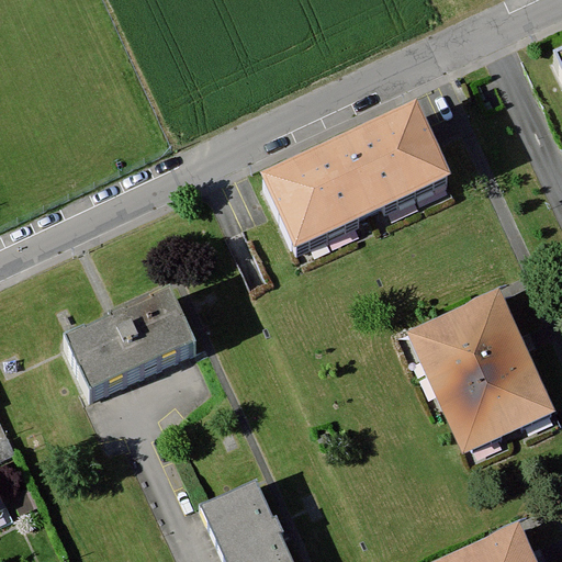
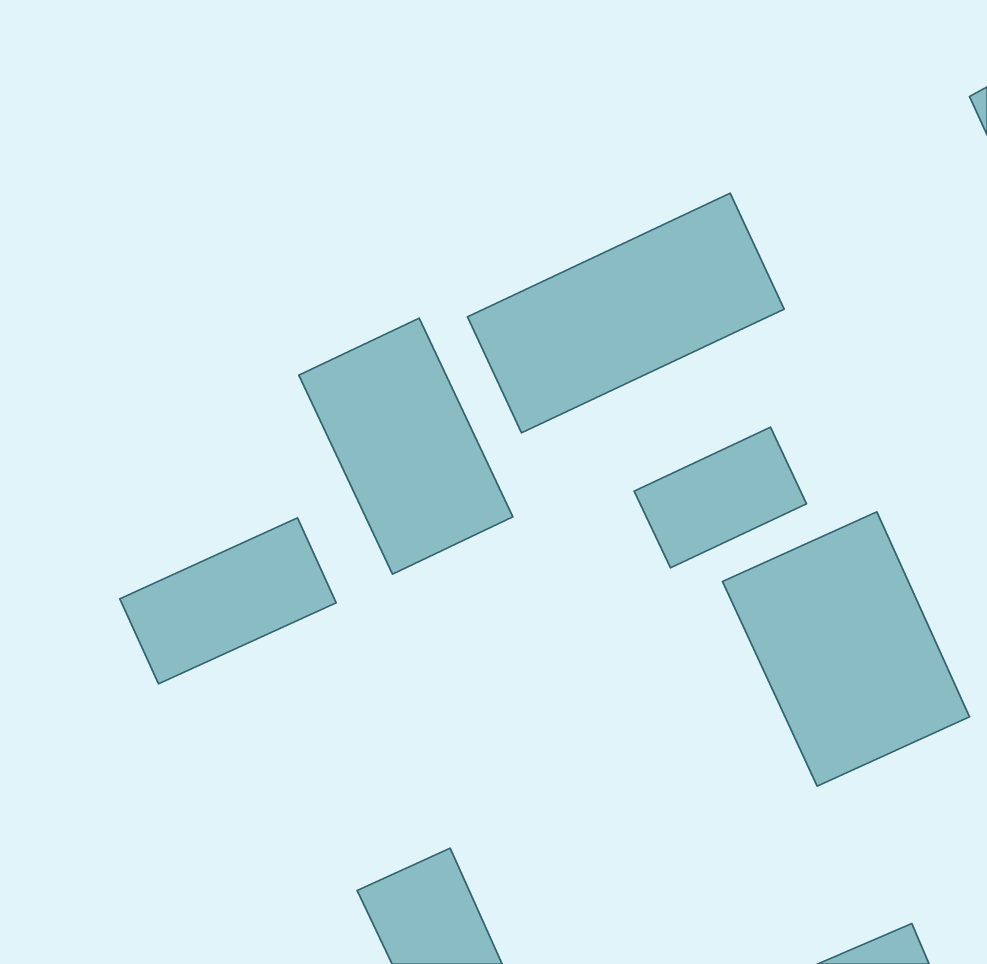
building: none -> [299,318,513,574]
building: none -> [634,427,807,568]

